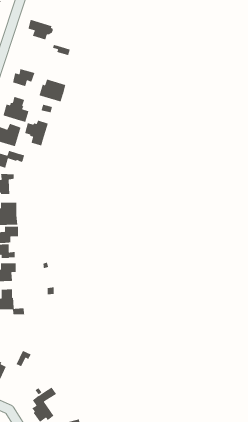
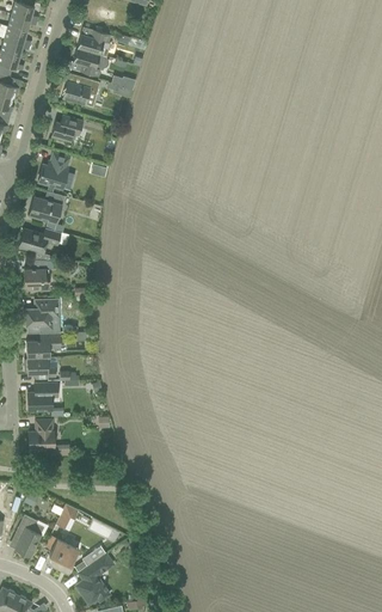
building: none -> [76,29,111,56]
building: [39,78,66,103] -> [62,73,100,106]
building: [24,120,49,147] -> none
building: none -> [49,537,79,571]

